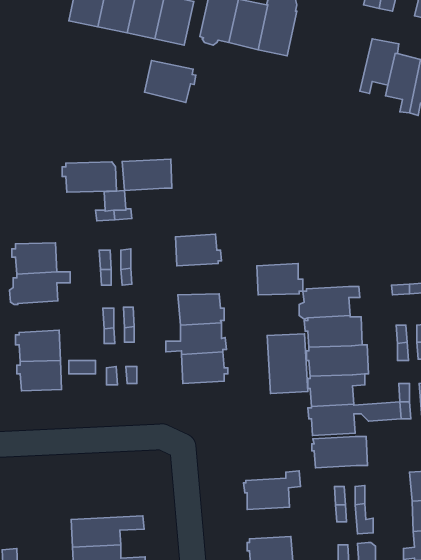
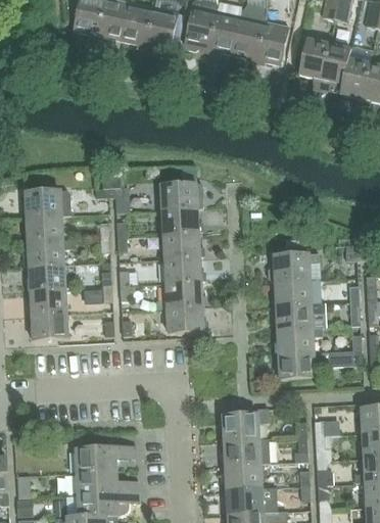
building: none -> [256,20,289,63]
building: none -> [295,37,328,88]
building: [145,60,196,102] -> none
building: [122,159,172,191] -> [160,184,202,210]
building: [62,162,117,192] -> [23,191,69,217]
building: [257,263,303,295] -> [163,233,202,259]
building: none -> [27,265,64,291]
building: [267,334,308,393] -> none
building: [312,436,367,468] -> [222,438,269,465]

